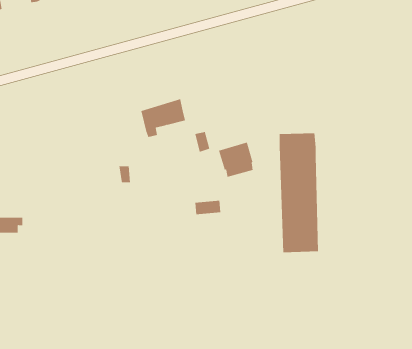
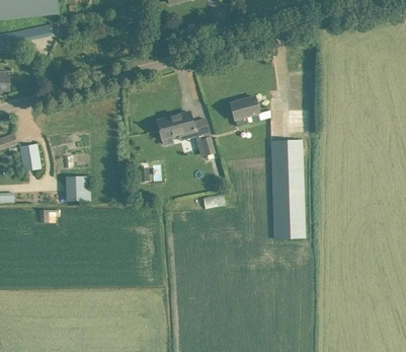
building: [218,142,254,177] -> [230,95,259,125]
building: none -> [67,177,90,200]

